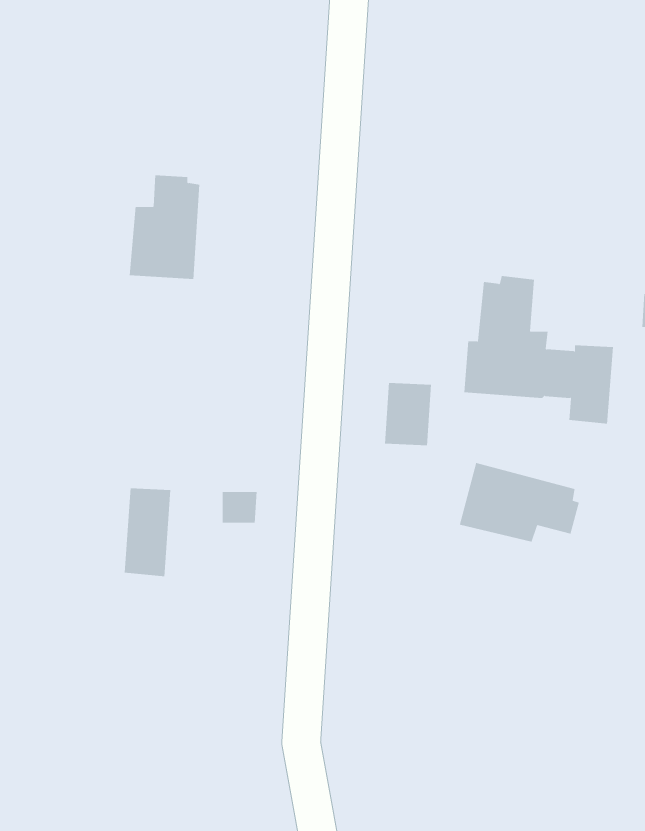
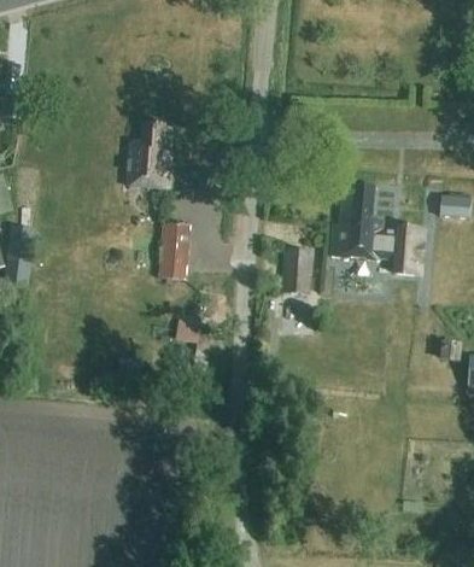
building: [459,462,579,543] -> none
building: [124,488,171,577] -> [160,224,189,279]

